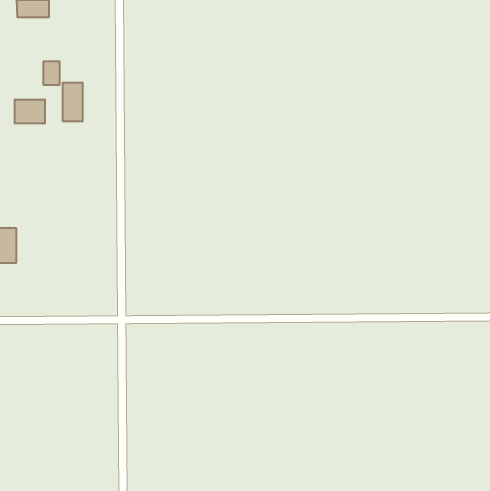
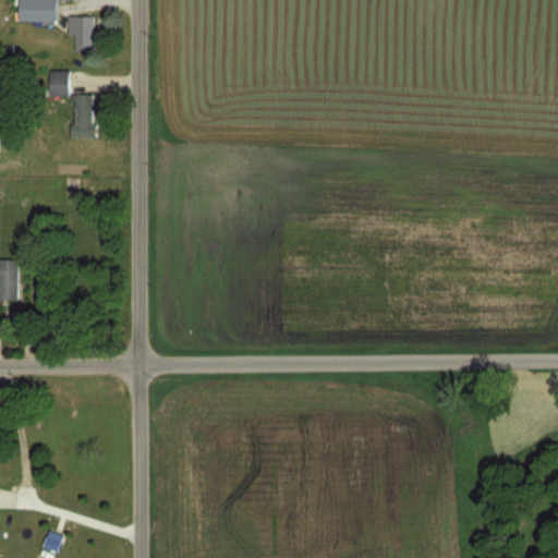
building: none -> [73,15,92,51]
building: [15,99,45,124] -> none

